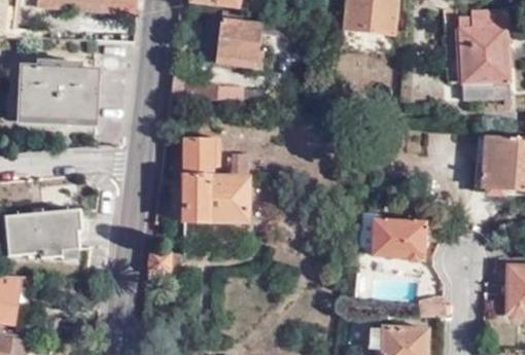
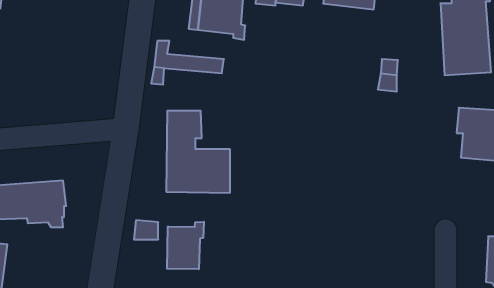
building: [16,62,99,120] -> none
building: [360,214,441,262] -> none
building: none -> [167,222,204,269]

